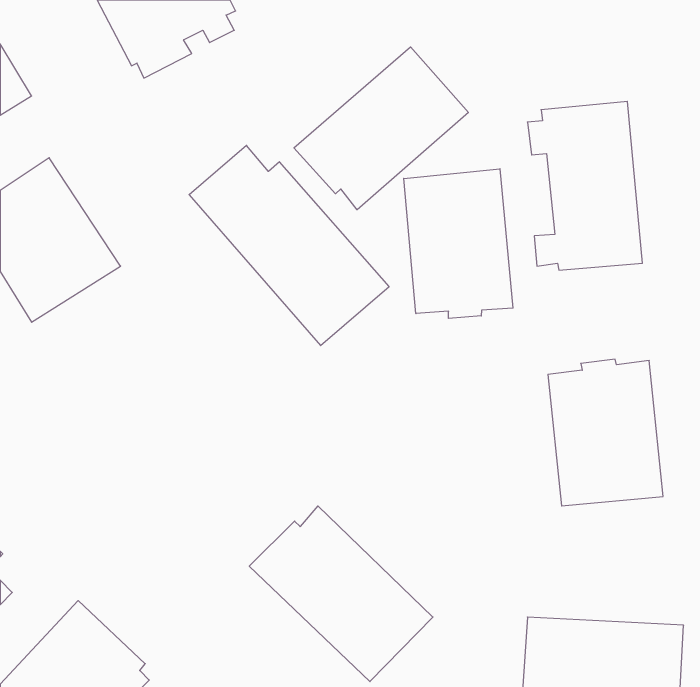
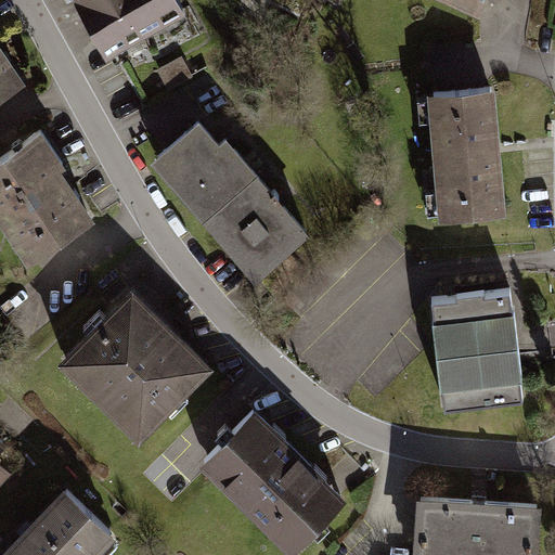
building: [294,47,468,210] -> none
building: [404,169,513,318] -> none
building: none -> [59,295,207,442]

